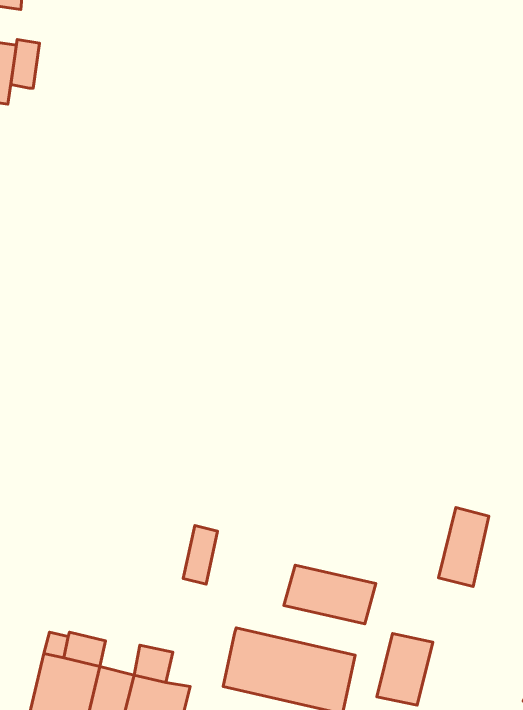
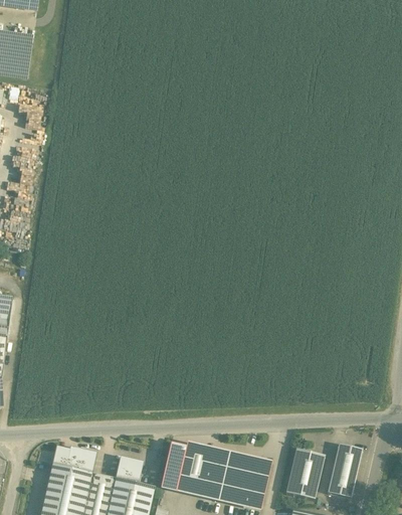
building: [11,39,40,88] -> none
building: [439,508,489,587] -> [327,443,362,498]
building: [183,525,218,584] -> [162,445,186,486]
building: [284,565,376,624] -> none

